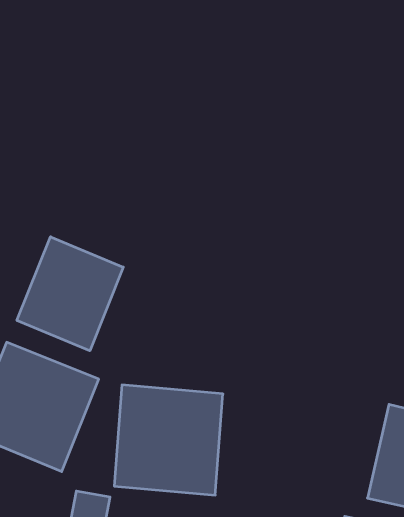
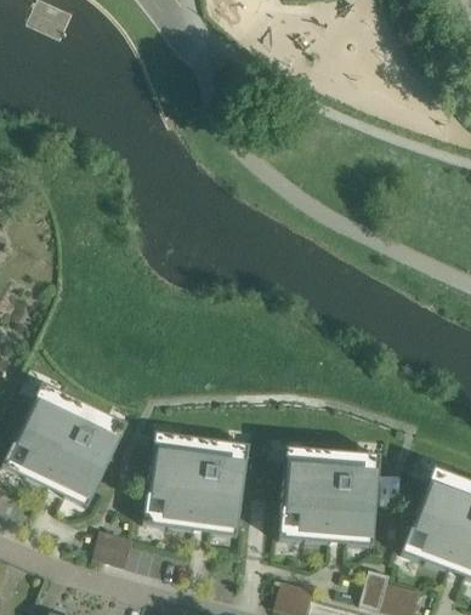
building: [17,237,123,351] -> none
building: none -> [276,448,384,552]

